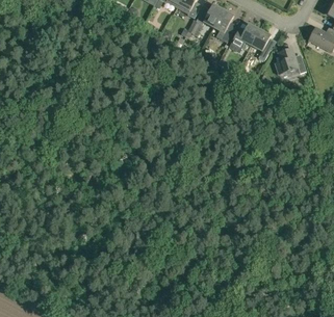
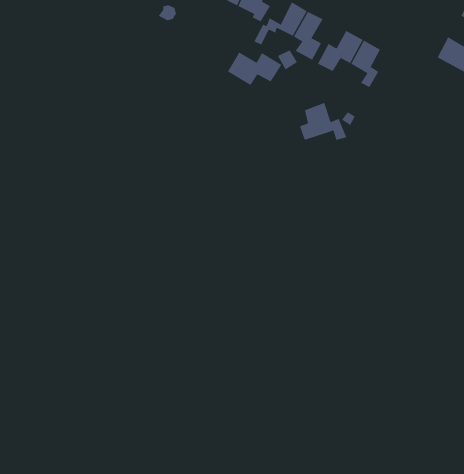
building: none -> [227,52,282,86]
building: [276,49,307,74] -> [299,102,347,141]

